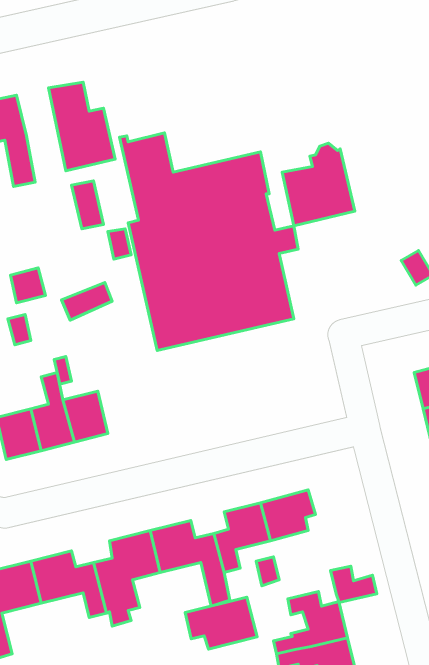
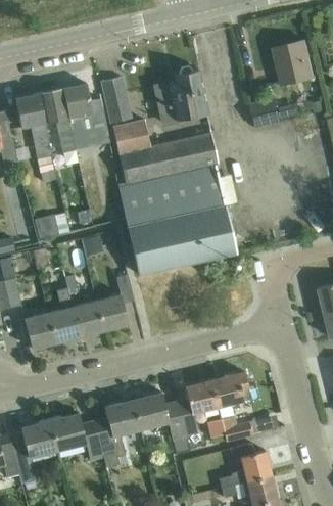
building: none -> [274,41,314,85]
building: none -> [101,77,131,123]
building: none -> [39,88,75,152]
building: [282,143,355,226] -> [155,65,206,124]
building: none -> [96,276,134,331]
building: [330,566,377,603] -> [220,415,252,441]
building: [185,597,257,649] -> none

